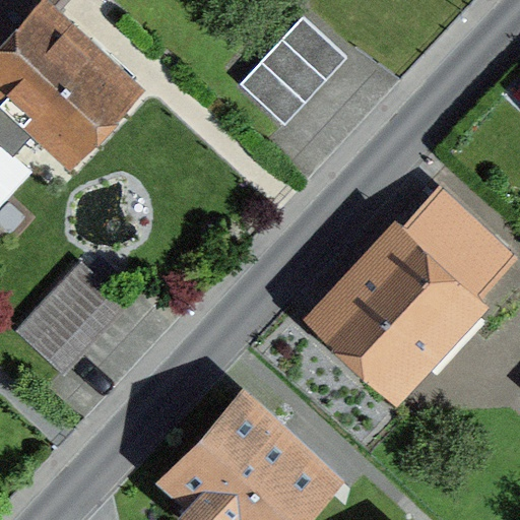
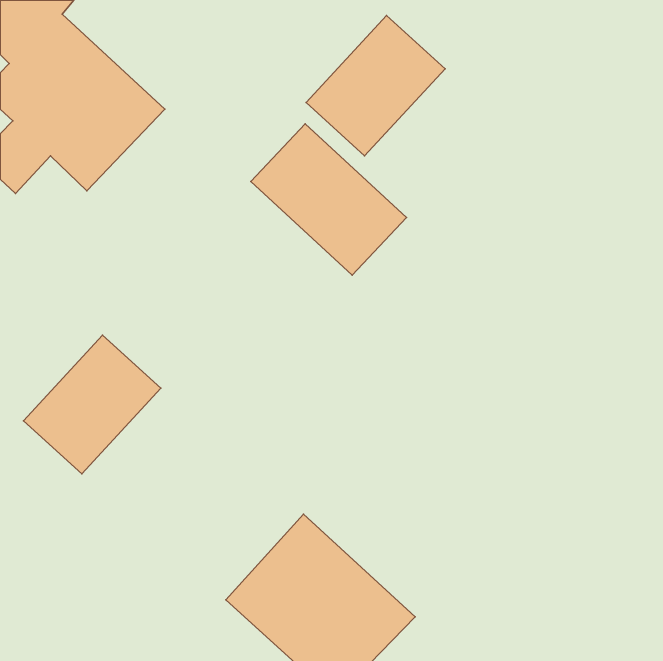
building: none -> [251,124,406,275]
building: [329,199,502,378] -> none

